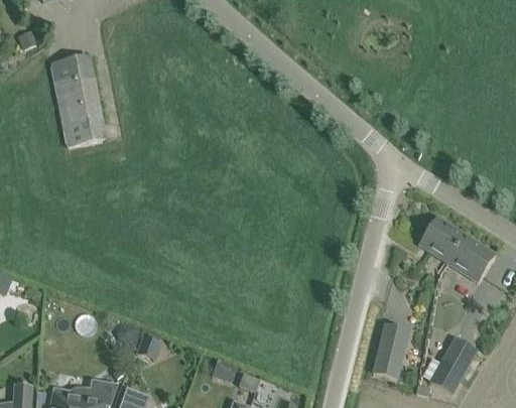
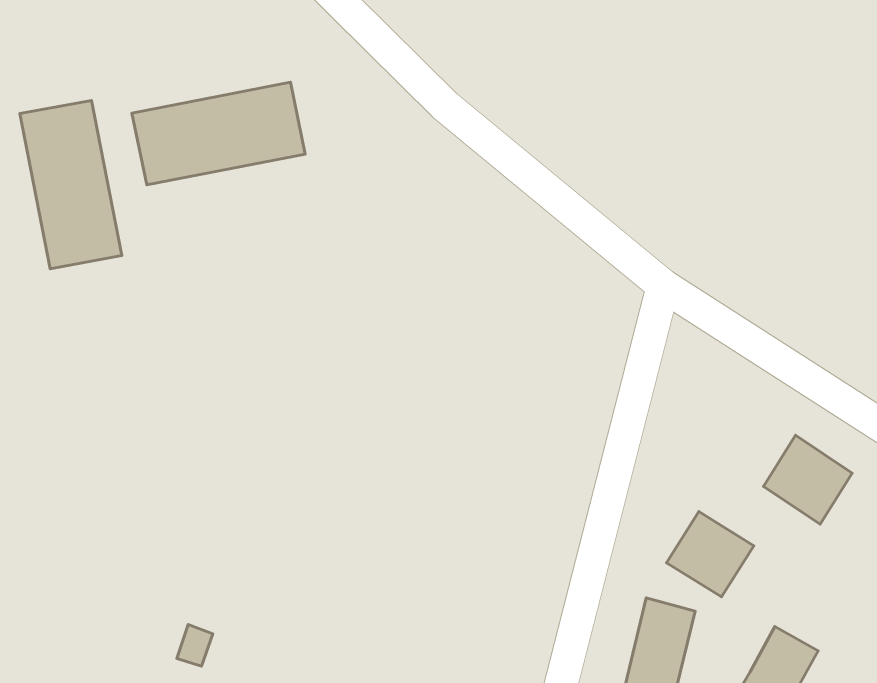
building: none -> [132,82,305,185]
building: [418,217,465,262] -> [667,512,754,597]

